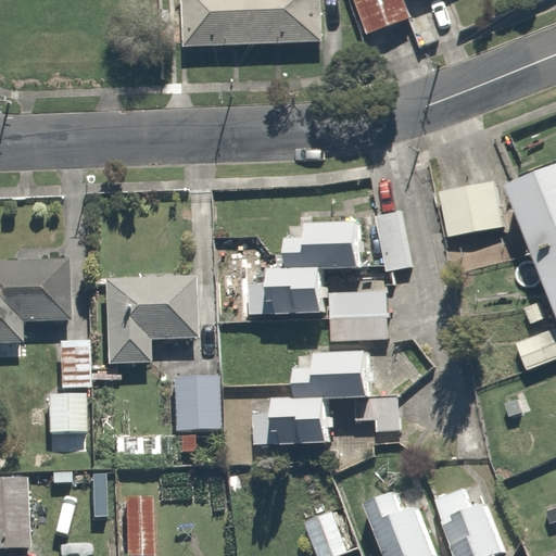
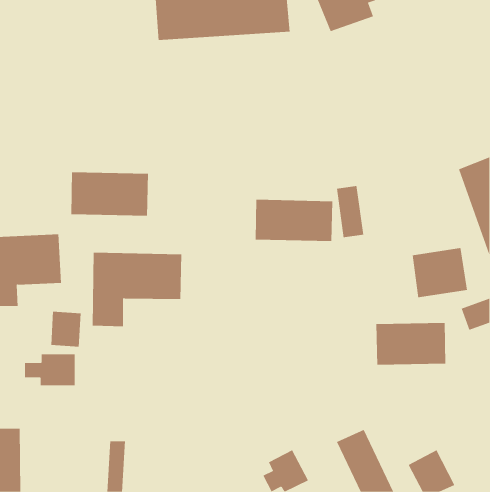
building: [440,179,503,236] -> [412,248,468,298]
building: none -> [71,171,148,216]
building: [268,271,386,344] -> none
building: [252,353,392,442] -> none
building: none -> [376,322,446,365]
building: [166,376,222,435] -> none

